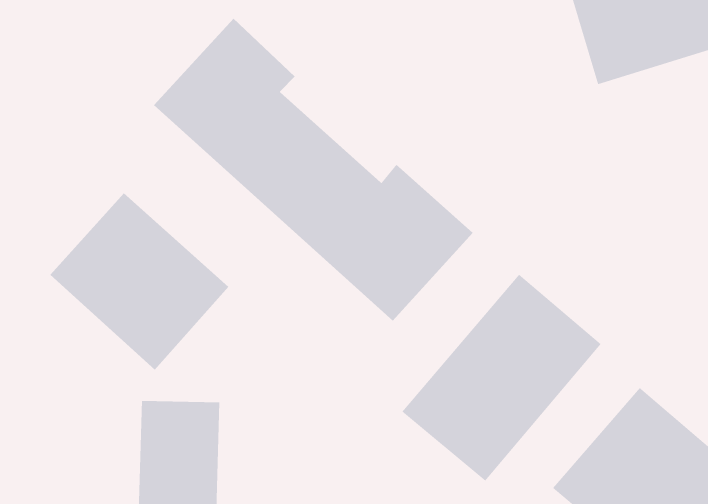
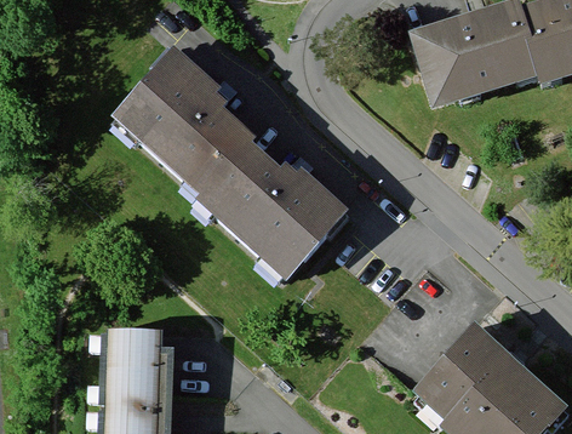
building: [49,193,229,371] -> none
building: [402,274,602,481] -> none

